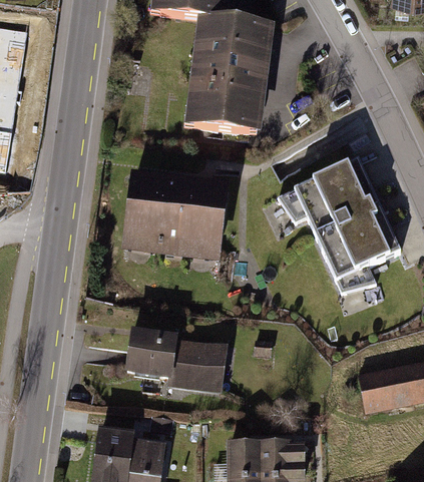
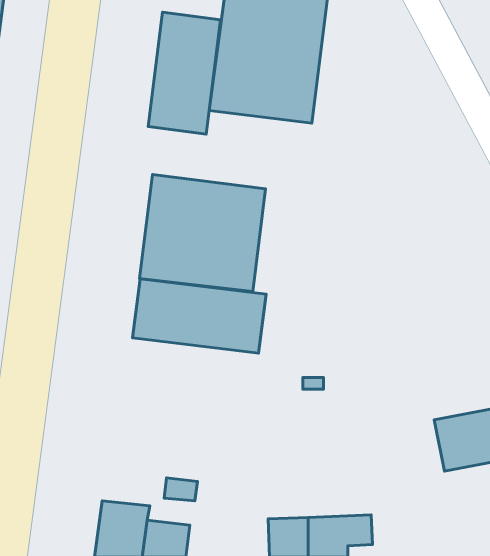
building: none -> [148,12,220,134]
building: [280,158,389,290] -> none
building: [124,331,229,389] -> [133,279,266,353]

